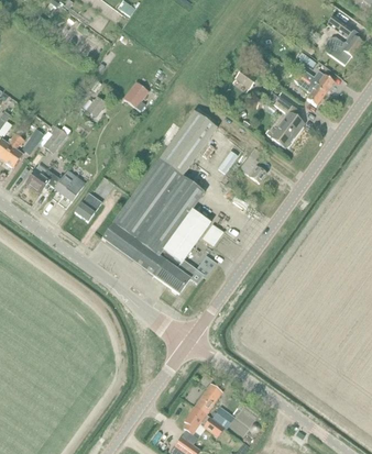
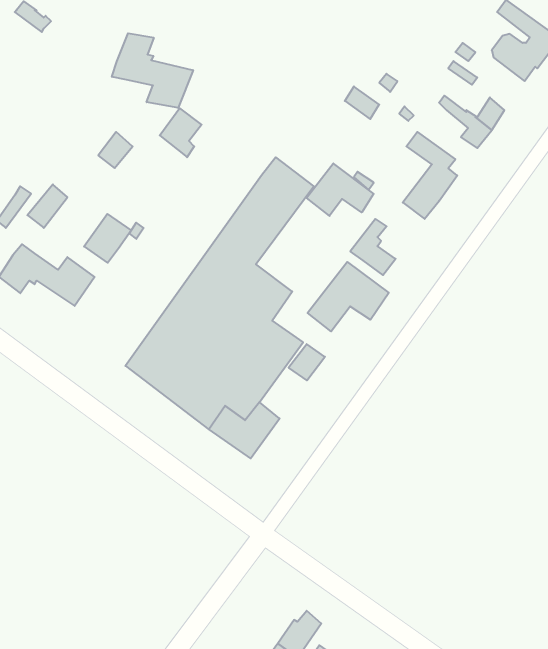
building: none -> [112,33,193,108]
building: none -> [306,163,374,216]
building: none -> [308,262,389,331]
building: [74,192,102,222] -> [84,214,131,263]

